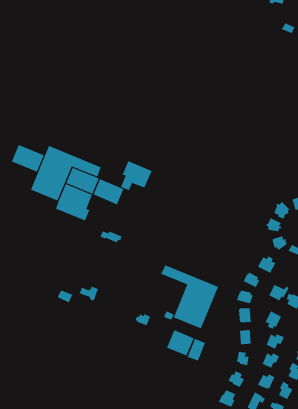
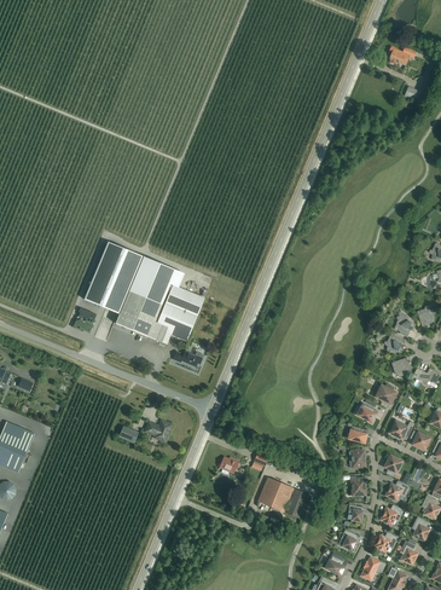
building: [11,144,44,172] -> none
building: [120,161,152,191] -> [155,305,196,343]
building: [161,265,219,329] -> none

